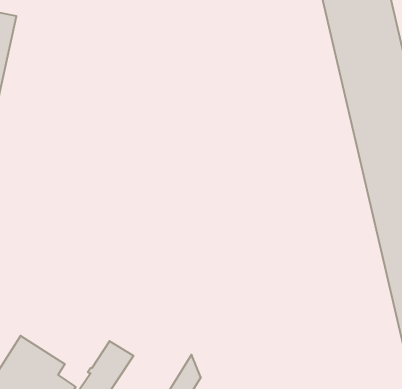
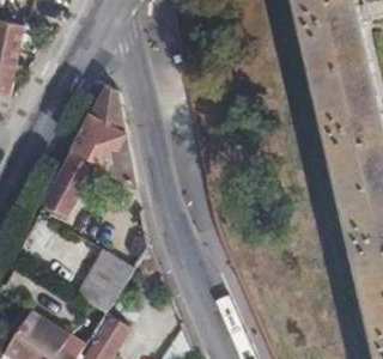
building: none -> [38,85,133,219]
building: none -> [73,250,130,314]

